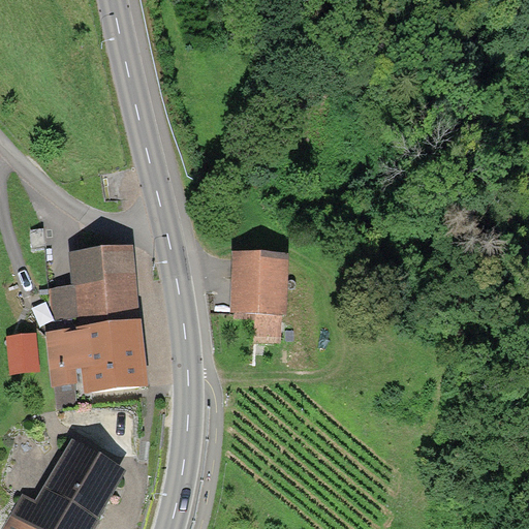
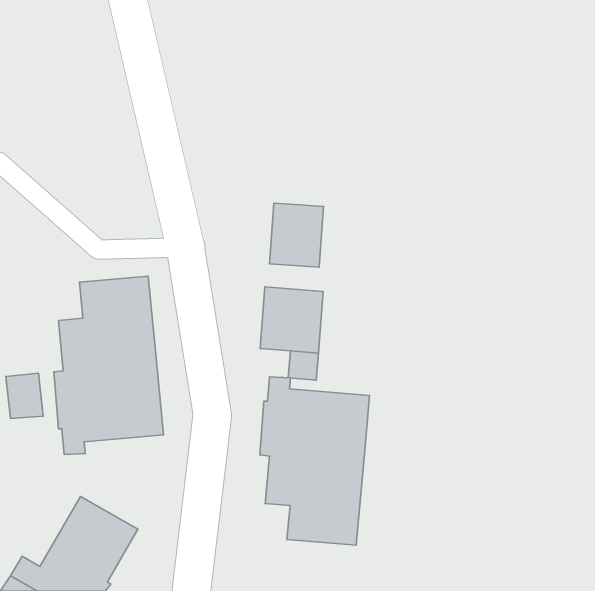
building: none -> [269,203,324,267]
building: none -> [260,377,370,545]

